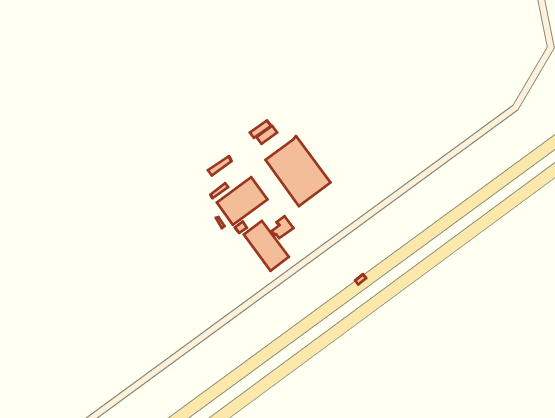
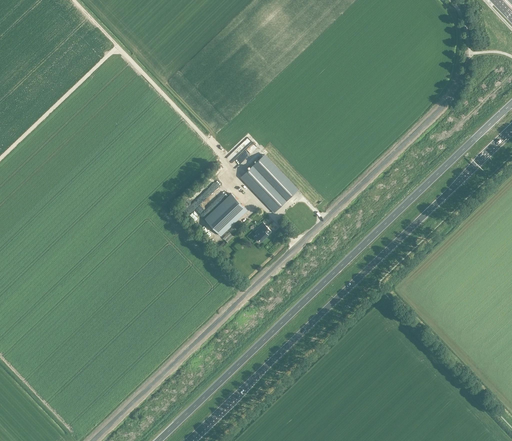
building: [244,221,289,271] -> none

